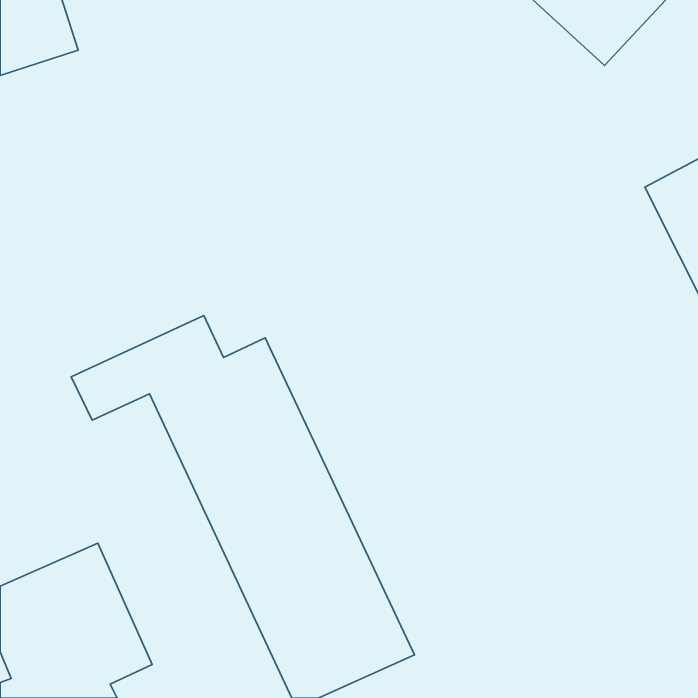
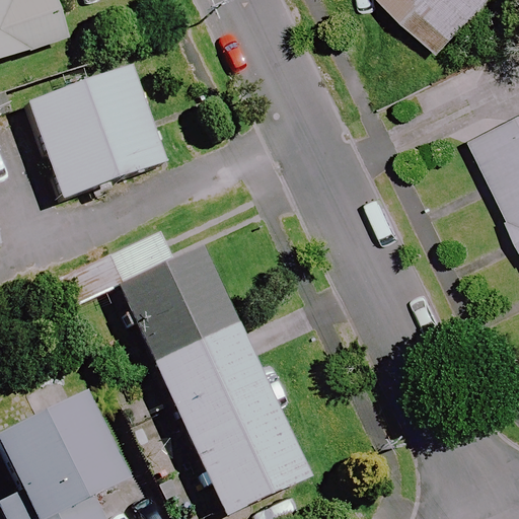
building: none -> [27,65,168,199]

